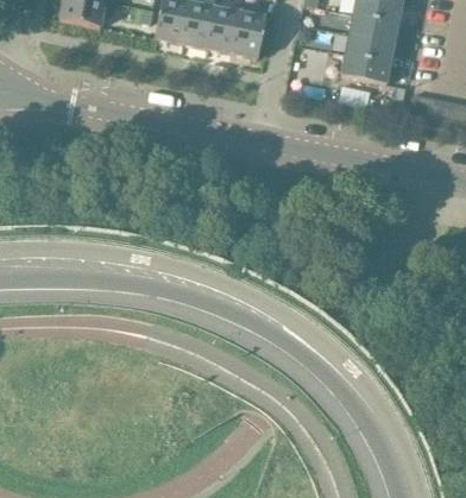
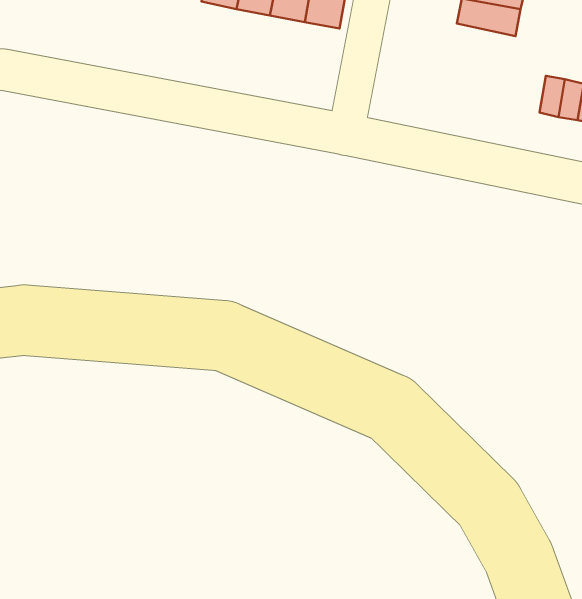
building: [342,52,391,81] -> none

